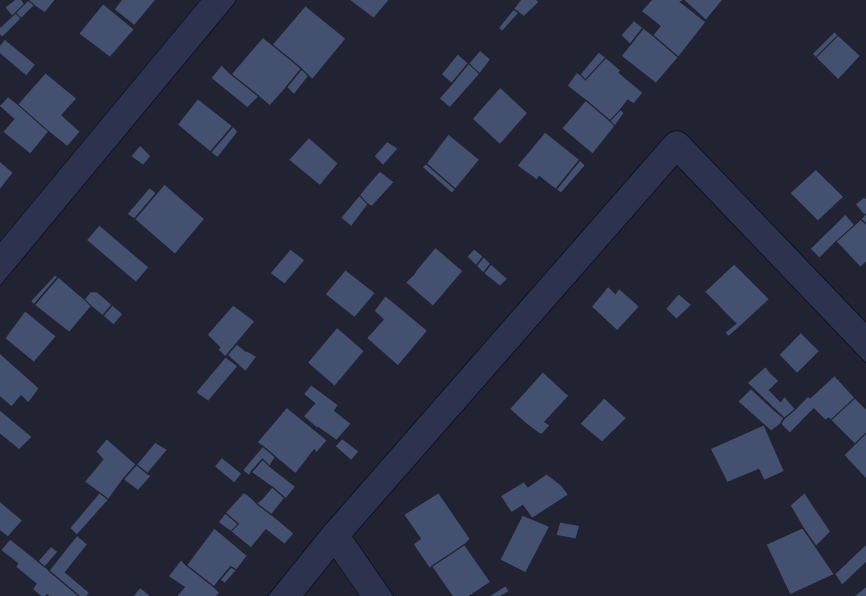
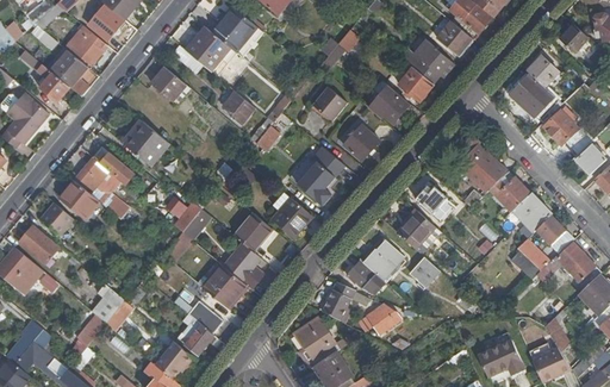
building: none -> [66,25,102,62]
building: none -> [512,55,559,116]
building: [472,87,528,145] -> [343,124,379,161]
building: none -> [459,133,499,186]
building: none -> [76,156,108,187]
building: [325,270,375,318] -> none
building: none -> [512,194,550,232]
building: none -> [397,211,440,248]
building: none -> [346,261,384,293]
building: [710,425,784,482] -> [477,339,524,376]
building: [500,515,550,573] -> [322,282,354,319]

